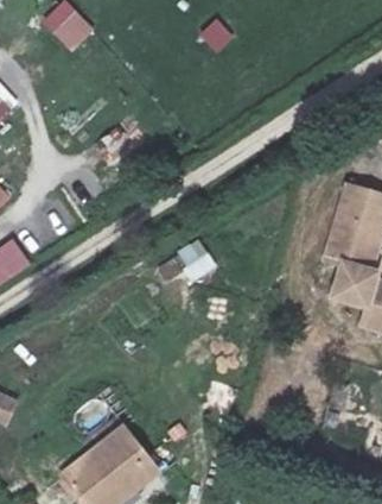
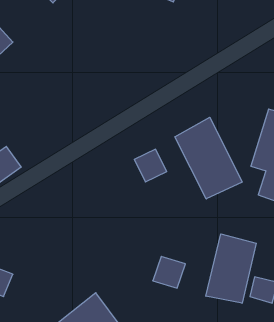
building: none -> [175,117,242,199]
building: none -> [206,234,256,303]

